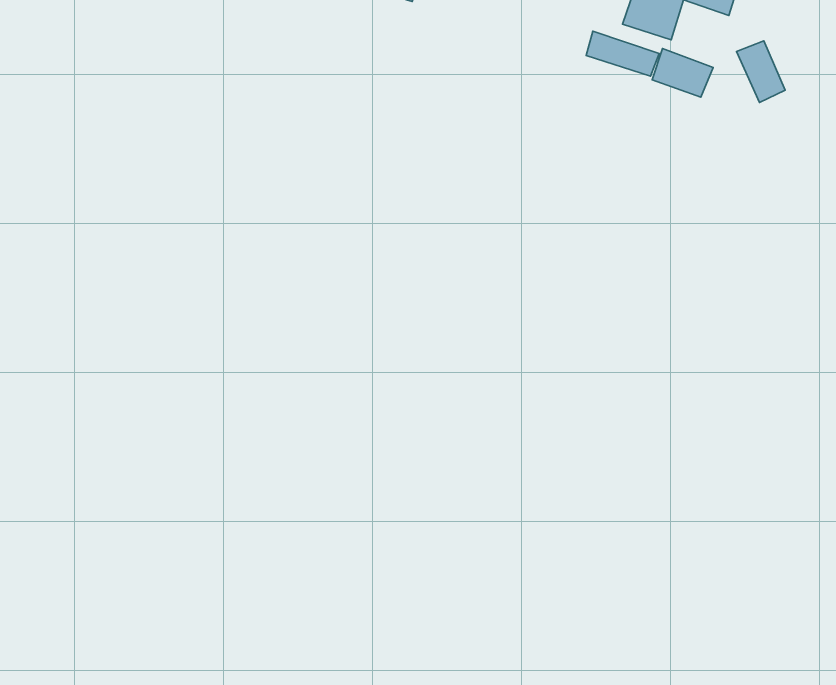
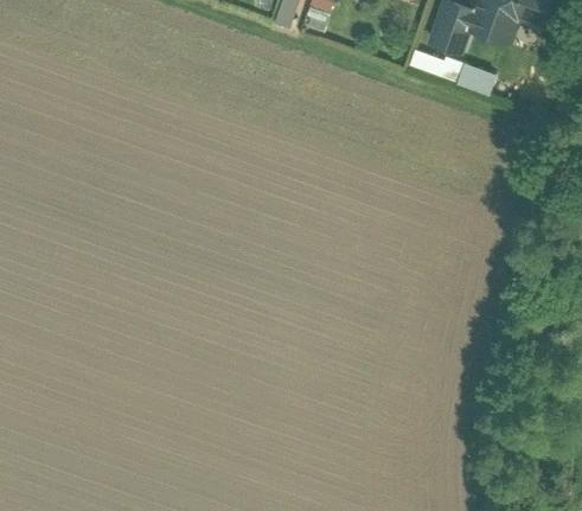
building: [736,41,785,103] -> none

